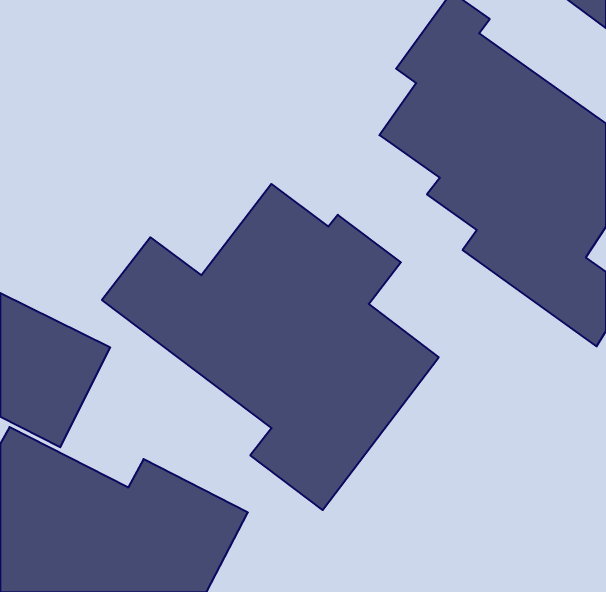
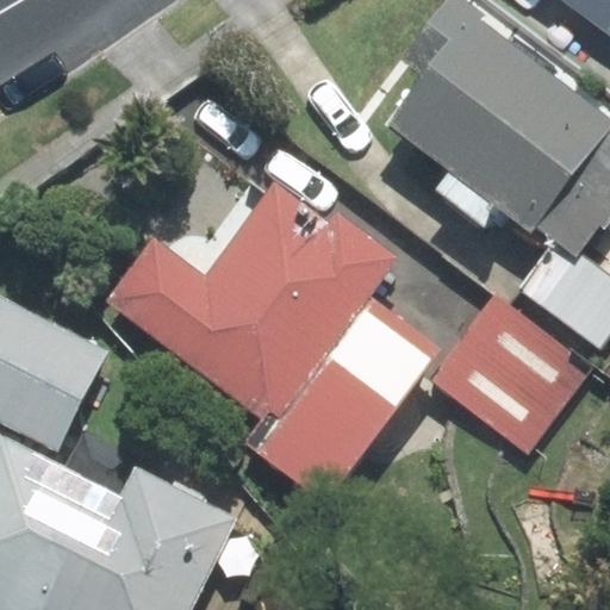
building: none -> [434,292,593,448]

